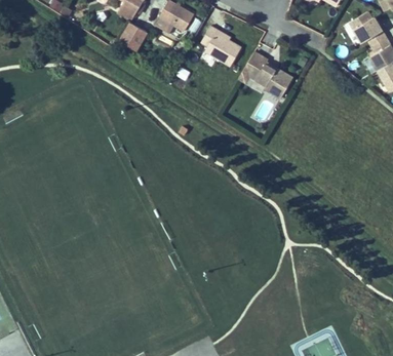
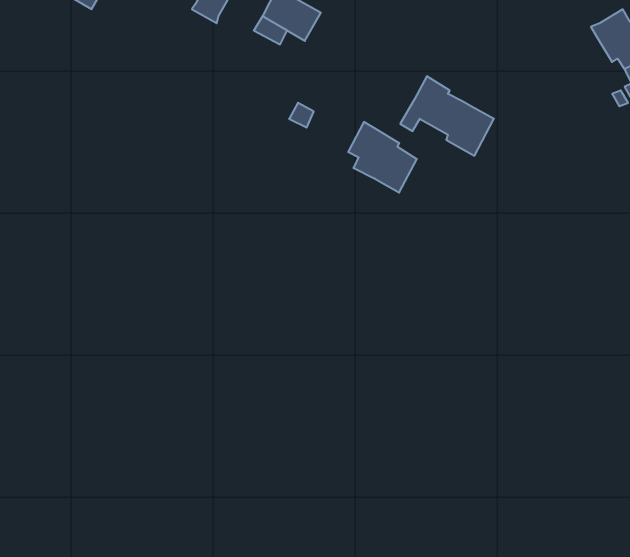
building: [117,24,146,52] -> none
building: [199,27,239,68] -> [348,122,417,193]

